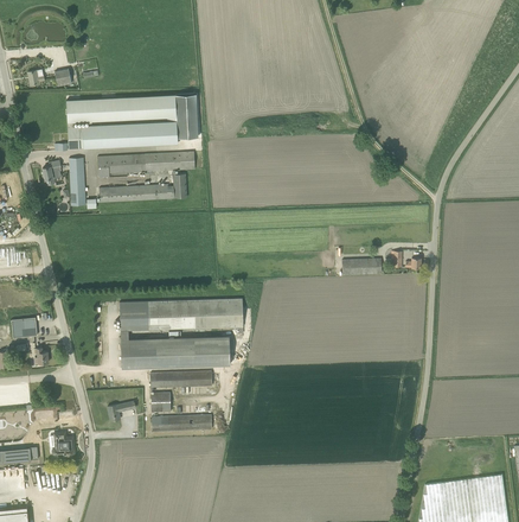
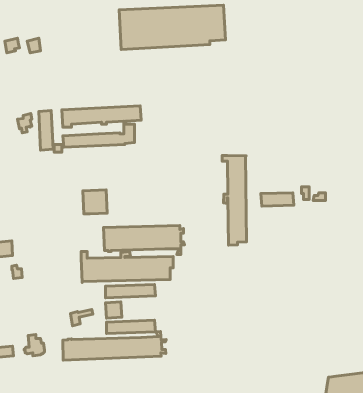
building: [66,95,197,149] -> [119,5,225,49]
building: none -> [222,155,246,245]
building: [120,301,149,331] -> [83,190,107,214]
building: none -> [63,331,166,360]

